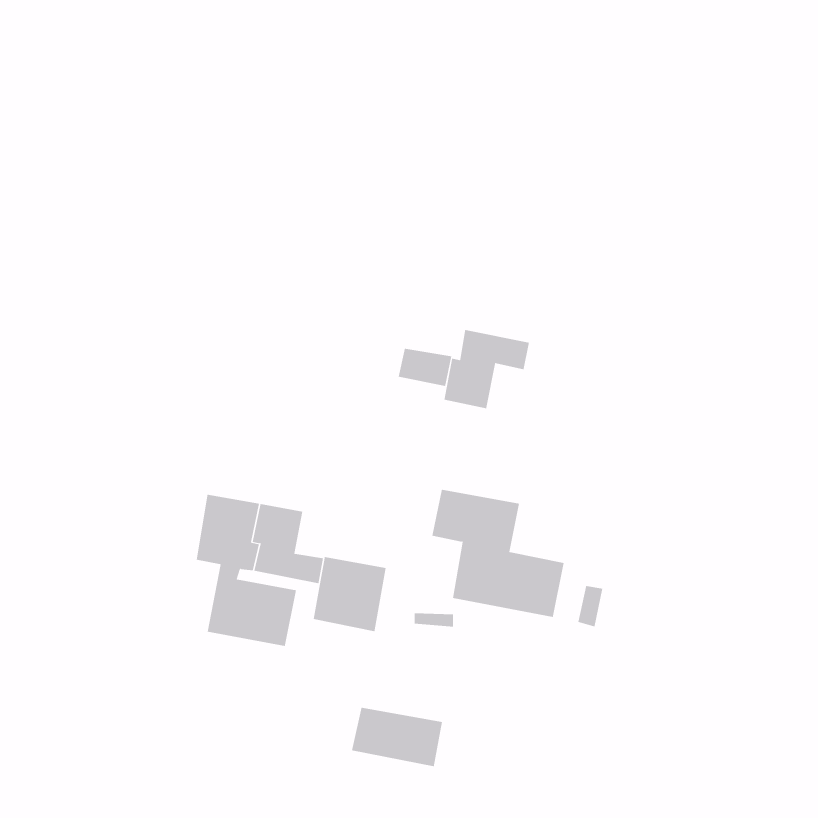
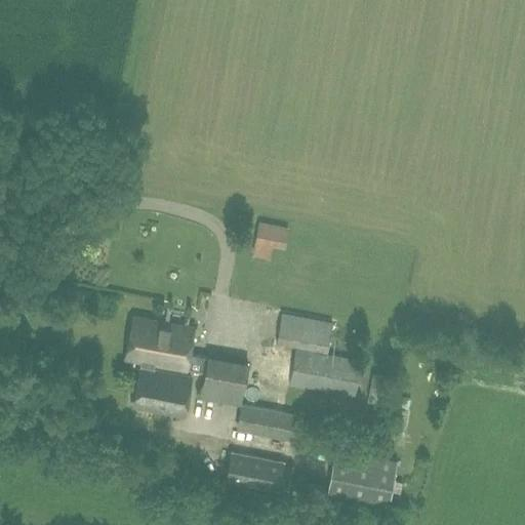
building: [444,329,530,409] -> none
building: none -> [237,405,298,441]
building: none -> [326,450,398,513]

